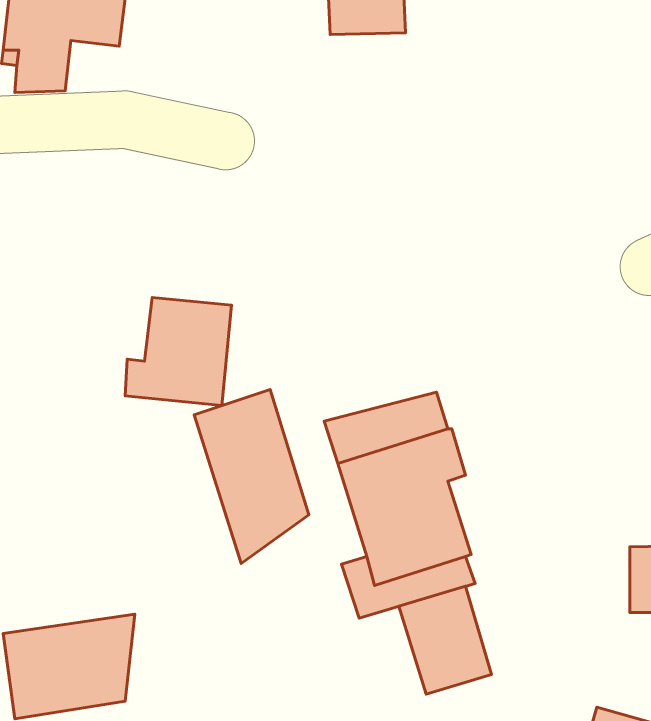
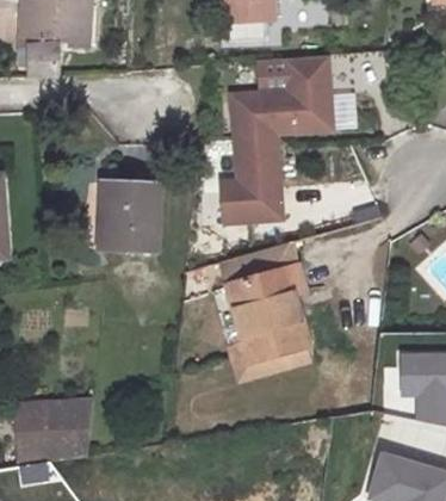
building: none -> [215,66,326,231]
building: [194,390,309,564] -> none
building: [399,586,492,694] -> none

